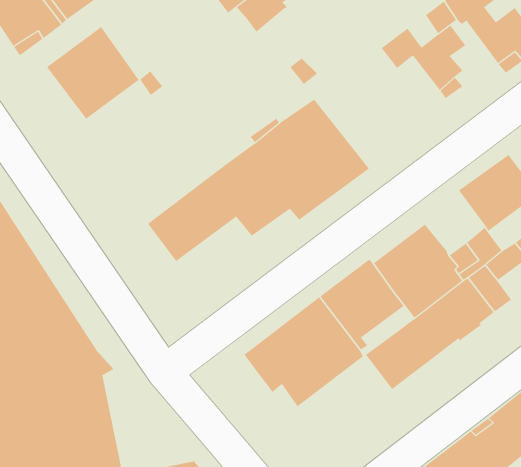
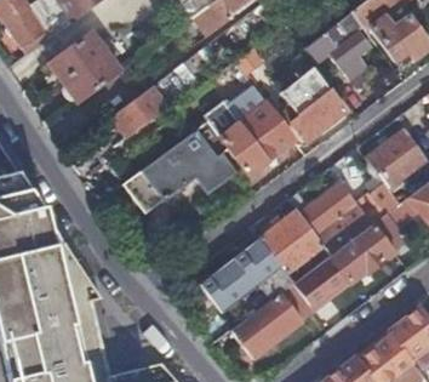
building: none -> [284,67,348,139]
building: none -> [113,85,167,136]
building: none -> [231,283,315,358]

